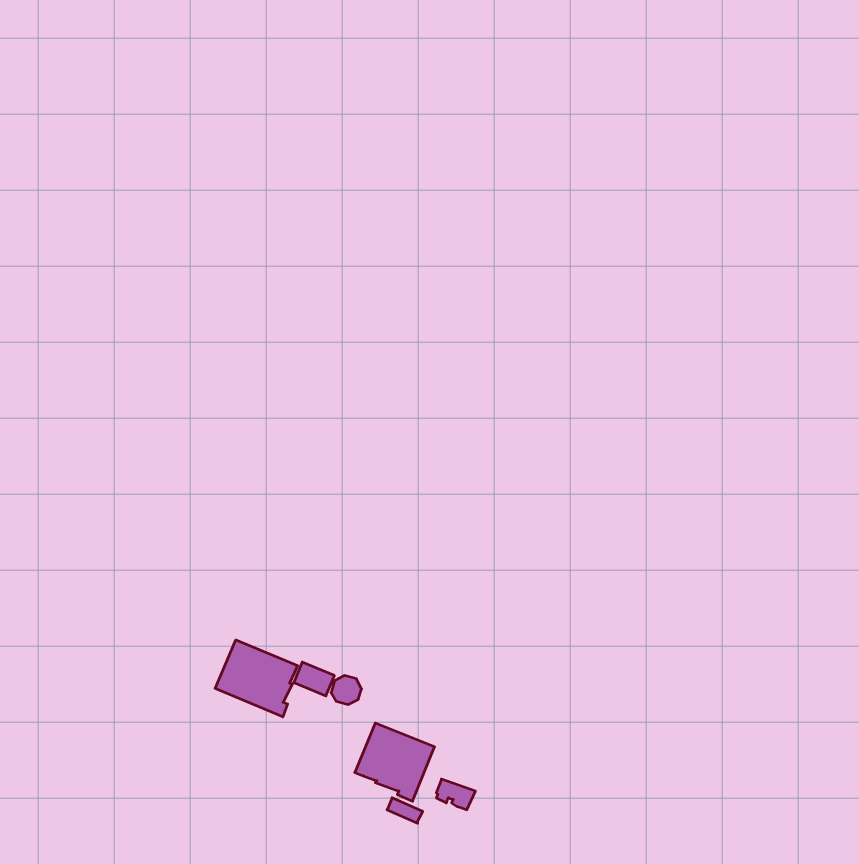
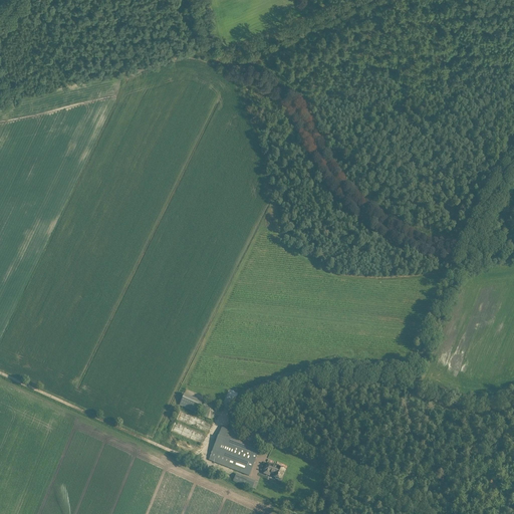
building: [215,640,298,717] -> none

